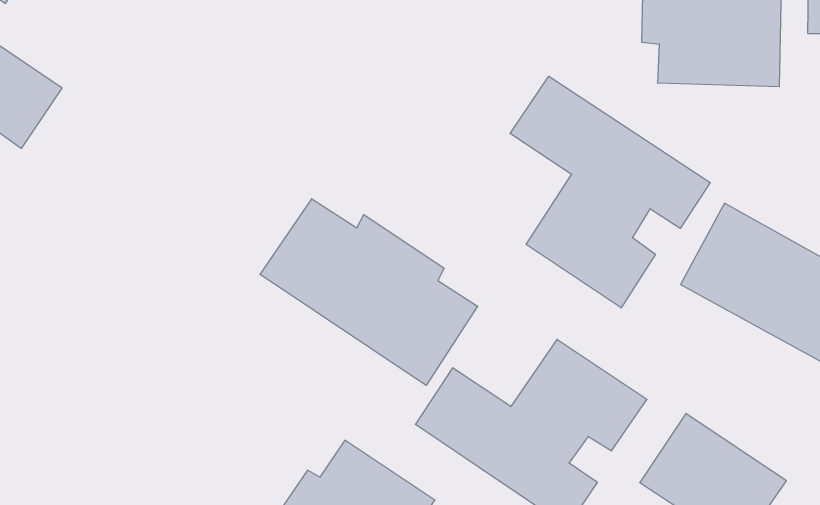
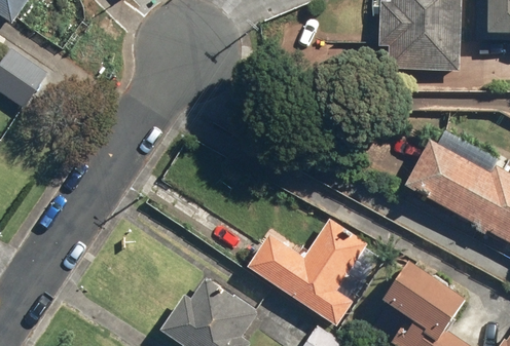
building: [510,76,710,308] -> none
building: [260,199,478,385] -> none

